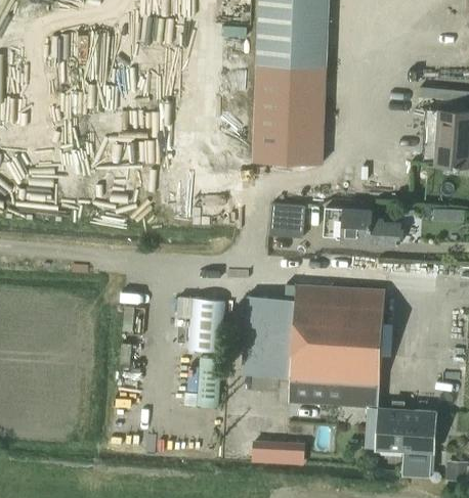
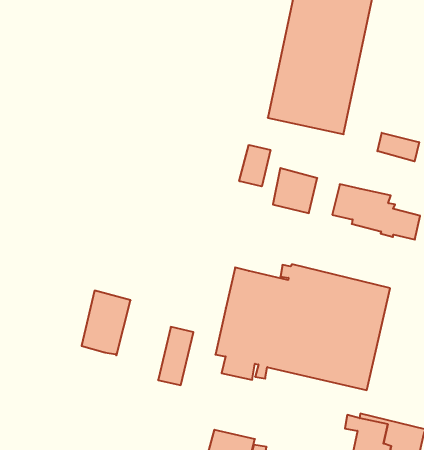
building: none -> [377,133,419,161]
building: none -> [239,145,270,186]
building: [188,299,224,352] -> [82,291,131,355]
building: [289,377,380,408] -> none

